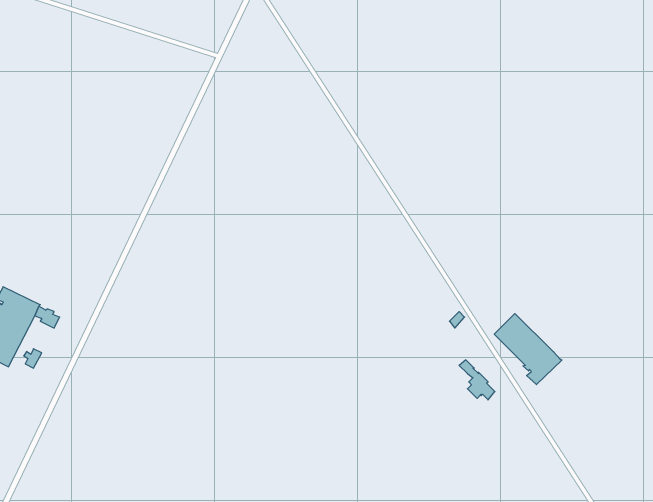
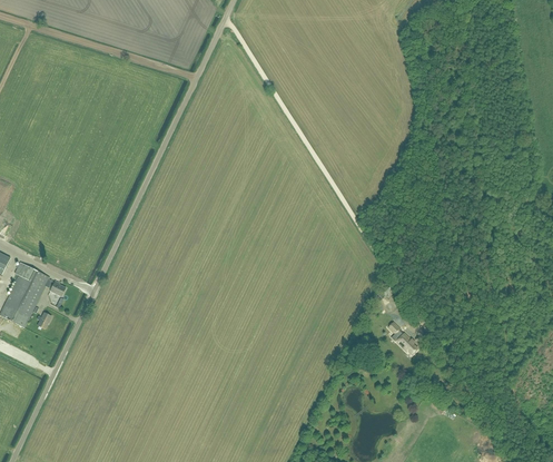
building: [494,314,562,385] -> none

